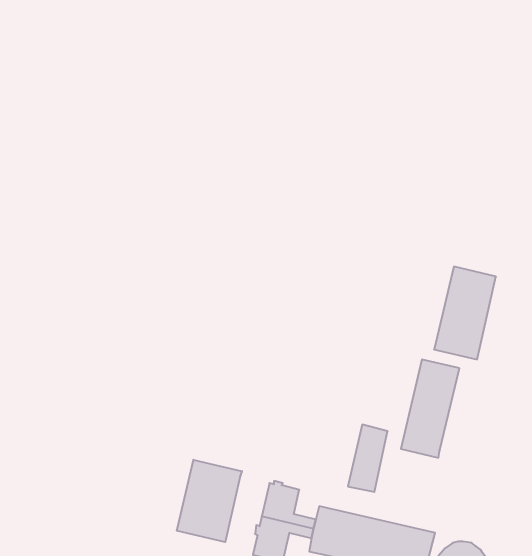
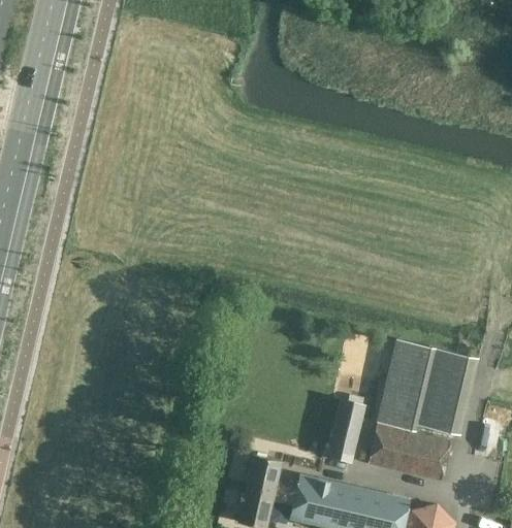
building: [434,267,496,359] -> [413,346,471,433]
building: none -> [369,424,451,481]
building: [177,460,242,542] -> none

